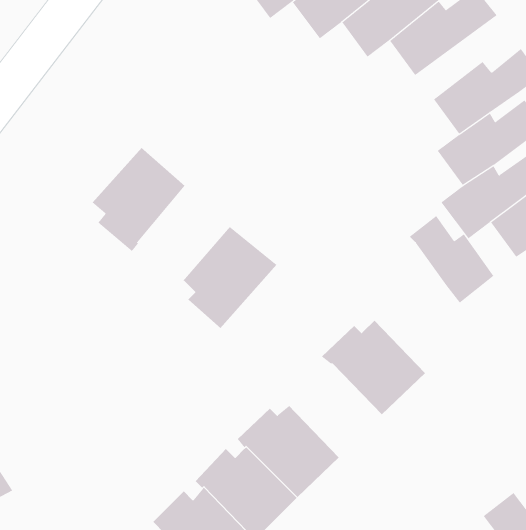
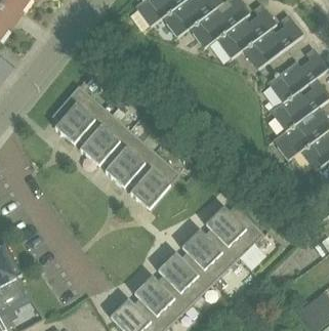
building: none -> [51,86,105,146]
building: none -> [102,130,154,189]
building: [409,215,494,303] -> none
building: none -> [181,230,239,282]

